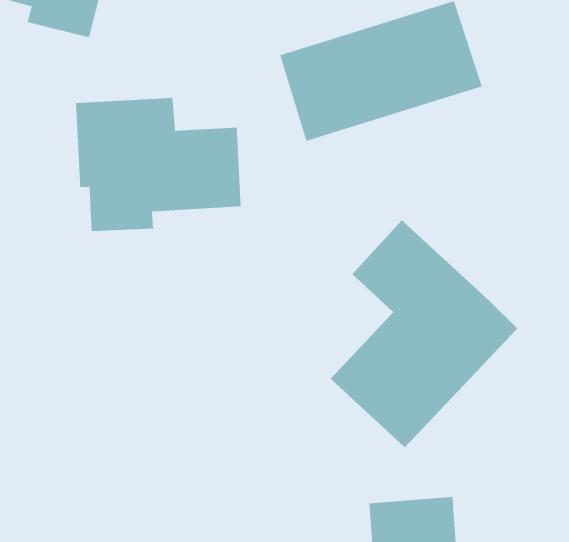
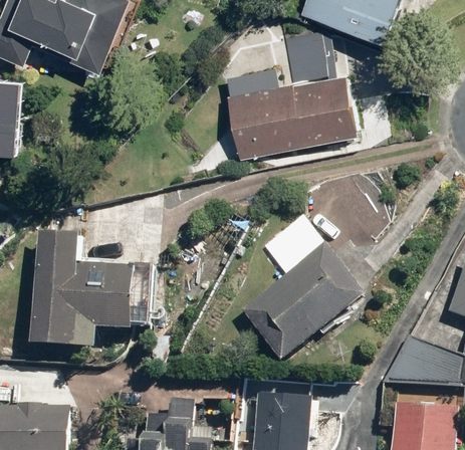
building: [75,97,242,232] -> none
building: none -> [32,235,156,350]

